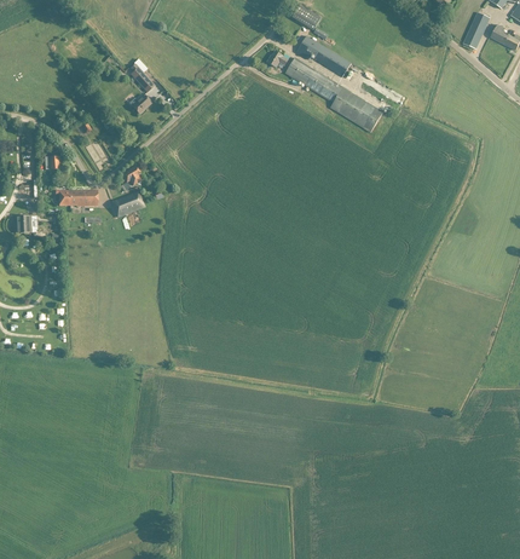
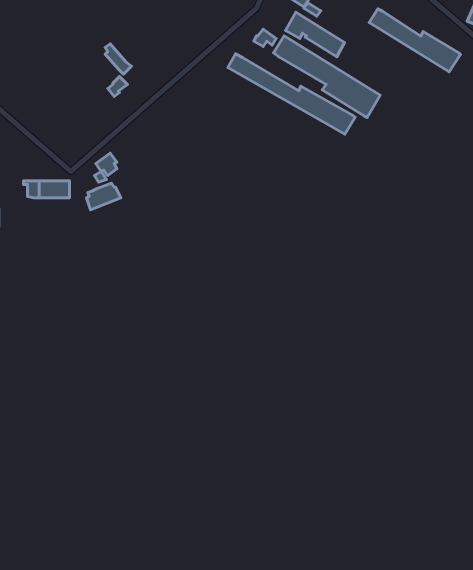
building: none -> [369,9,461,72]
building: none -> [228,54,355,134]

